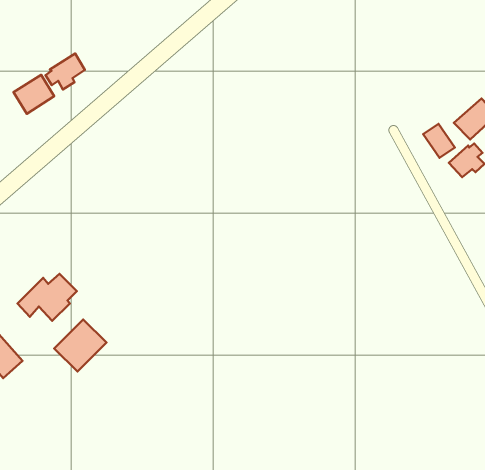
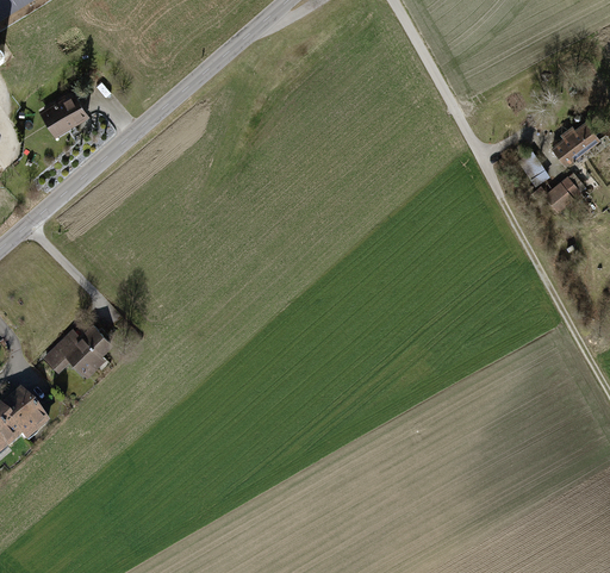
building: [45,53,85,90] -> none
building: [54,320,106,372] -> none

